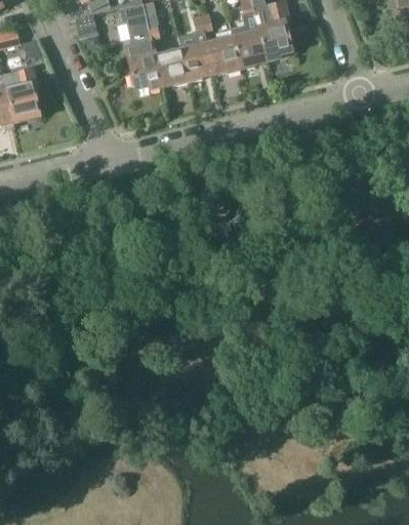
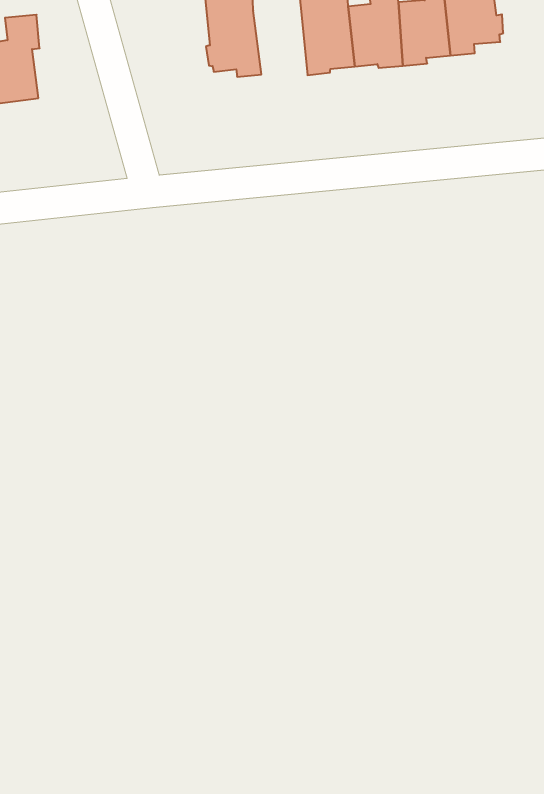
building: [153,46,188,84] -> none

